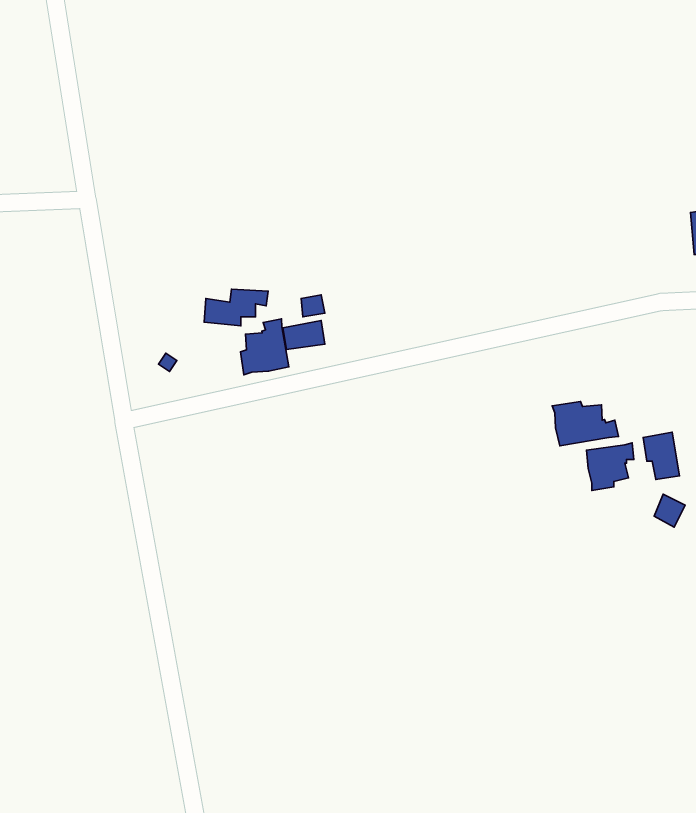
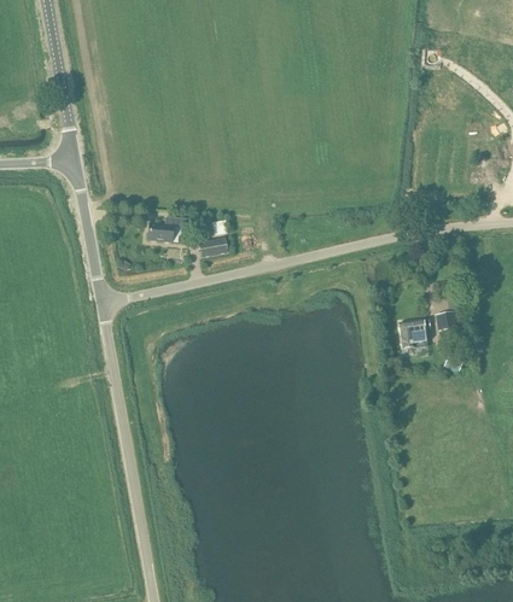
building: [240,319,289,375] -> none
building: [552,401,618,446] -> none

